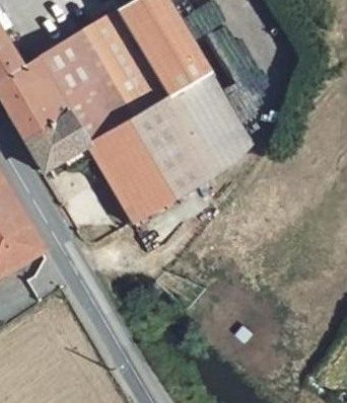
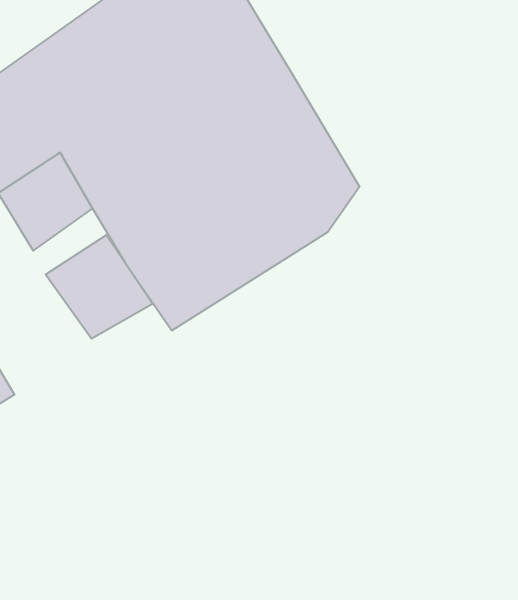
building: none -> [46,235,153,339]

